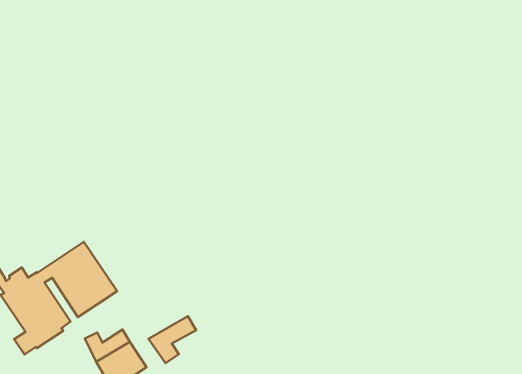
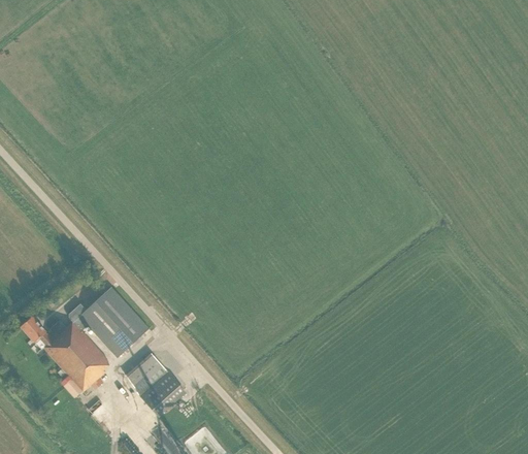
building: [149,316,196,363] -> none

